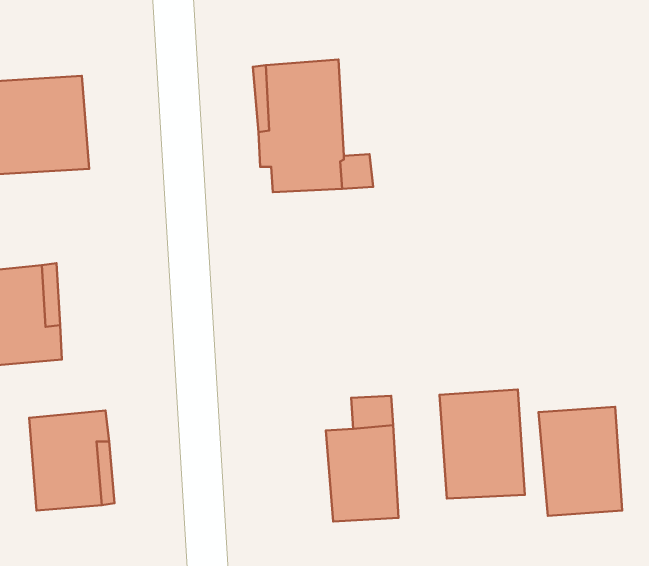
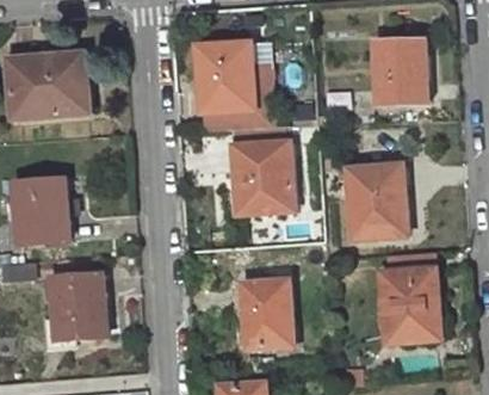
building: none -> [373,42,425,101]
building: none -> [234,142,295,212]
building: [439,389,525,498] -> [348,166,404,237]

